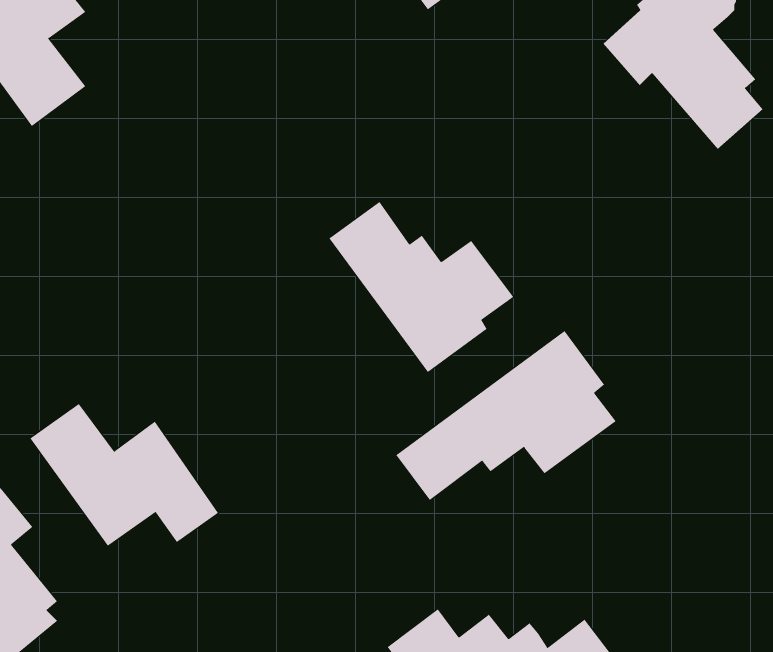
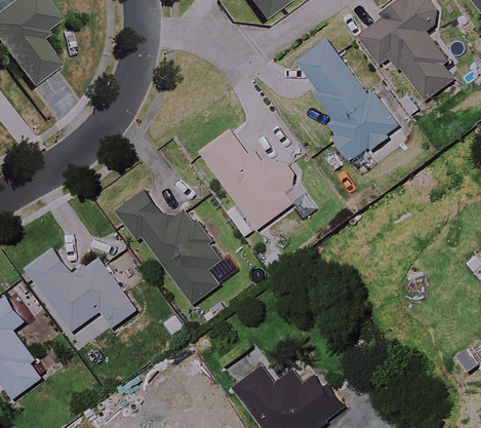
building: none -> [296,40,398,163]
building: none -> [116,190,224,303]
building: [395,330,616,501] -> none

